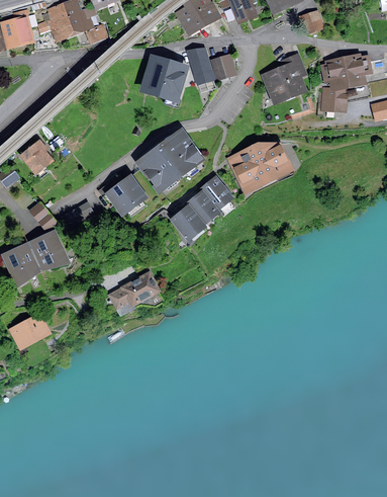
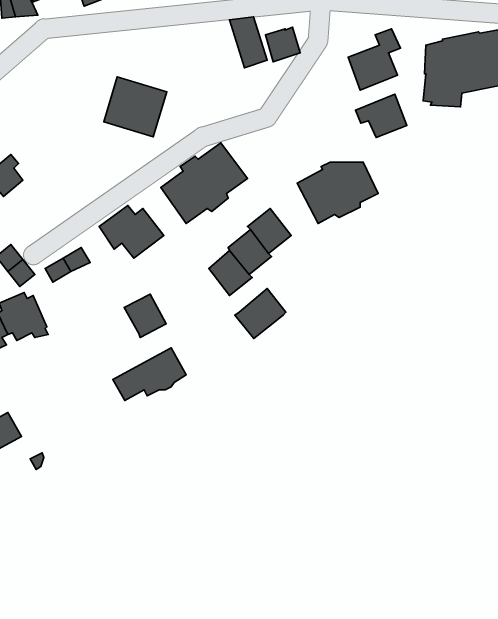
building: [143,59,186,99] -> [104,77,167,137]
building: none -> [355,94,407,137]
building: none -> [235,289,286,338]
building: none -> [124,294,166,338]

